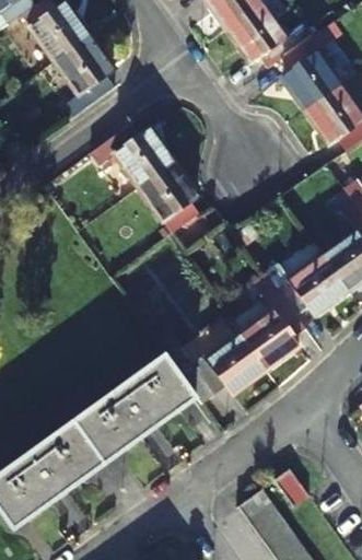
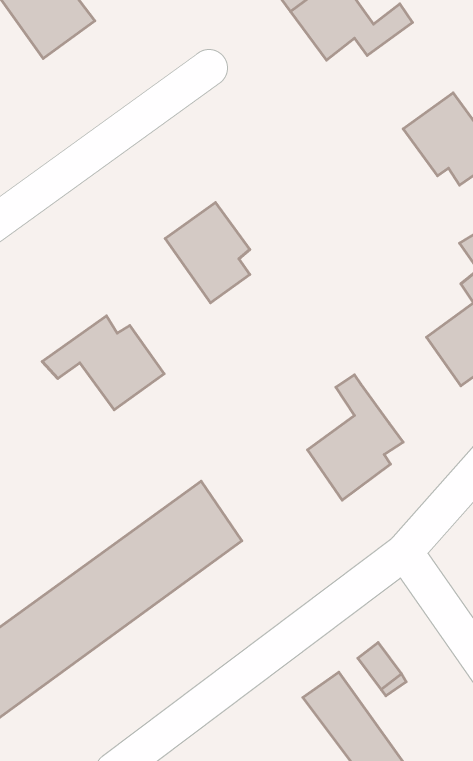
building: [281,24,341,108] -> none
building: [55,33,116,115] -> none
building: [90,119,175,185] -> [42,316,164,410]
building: [277,254,347,314] -> none
building: [178,332,264,395] -> none

